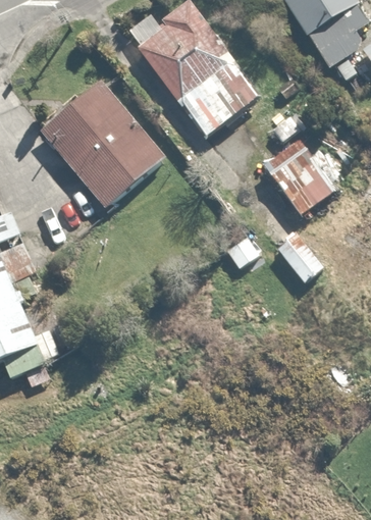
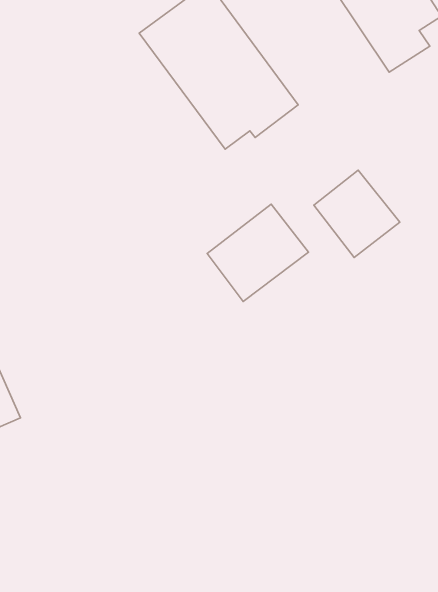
building: [40,87,159,209] -> none
building: none -> [207,204,309,301]

